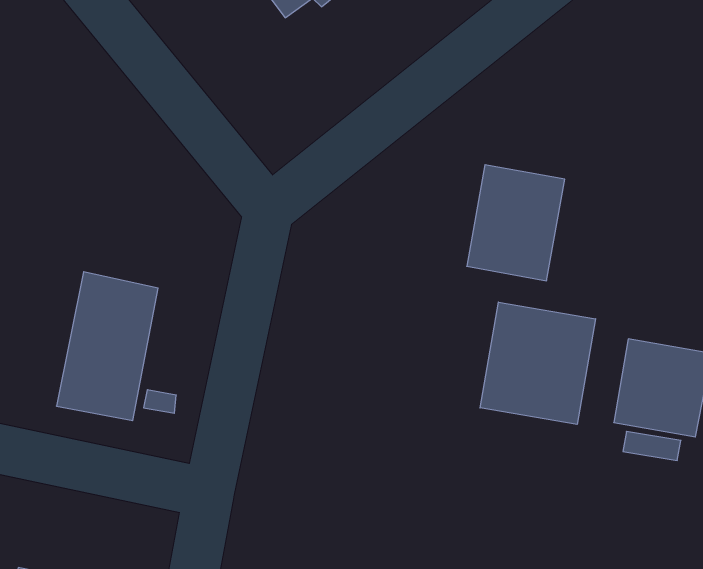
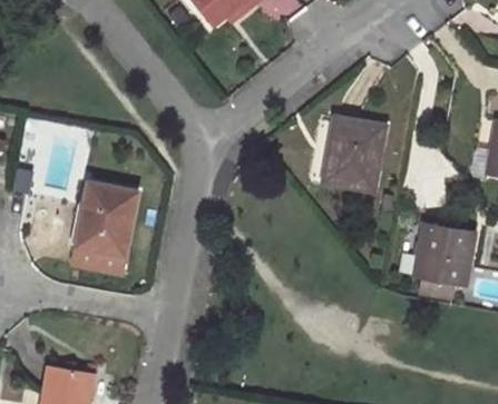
building: [480,302,596,424] -> none

